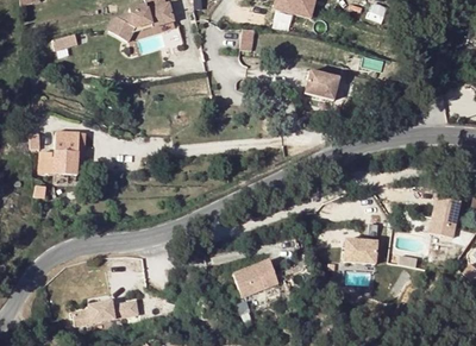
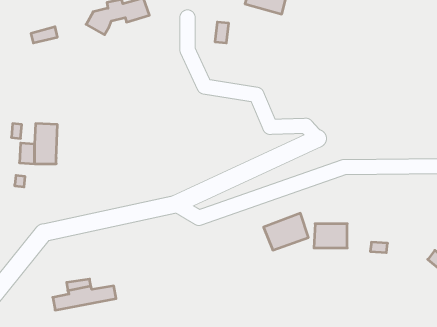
building: [302,74,337,102] -> none
building: [430,194,461,237] -> none
building: [232,260,278,298] -> [264,213,308,250]

